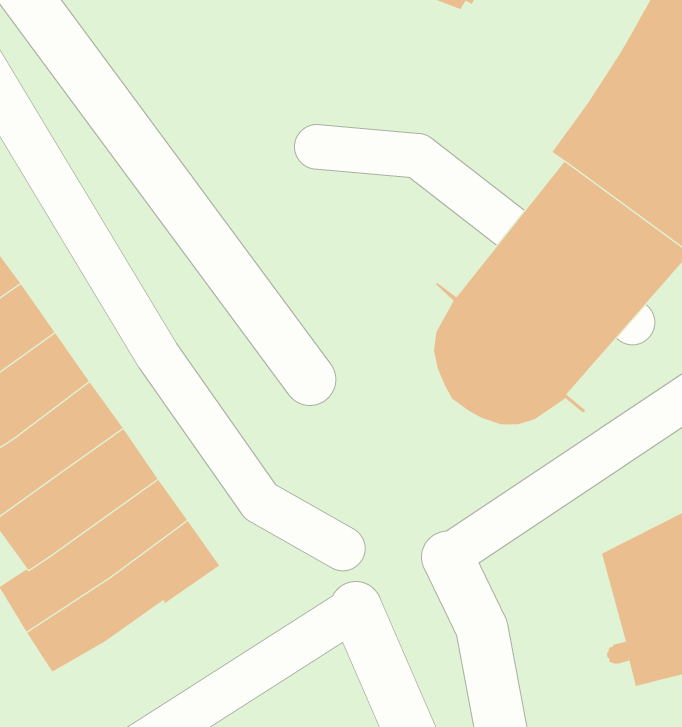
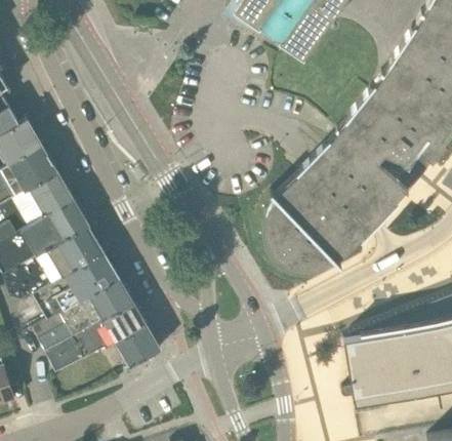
building: none -> [117,326,161,367]

